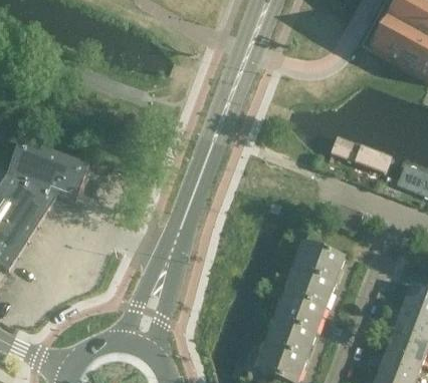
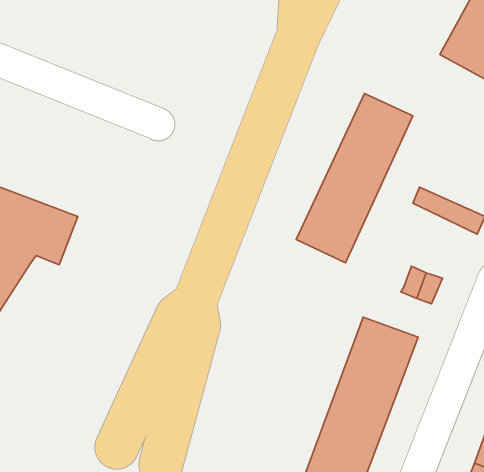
building: none -> [296,93,413,263]

